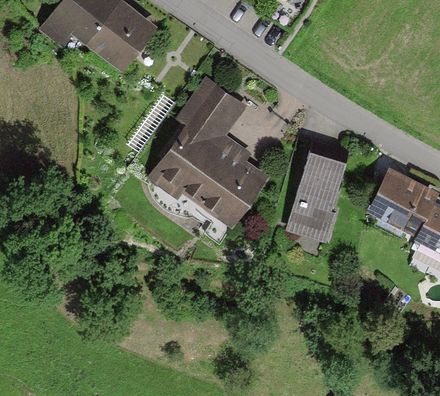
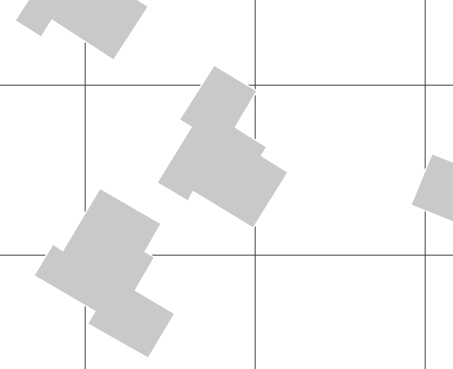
building: [289,157,345,241] -> none
building: none -> [34,188,175,358]

